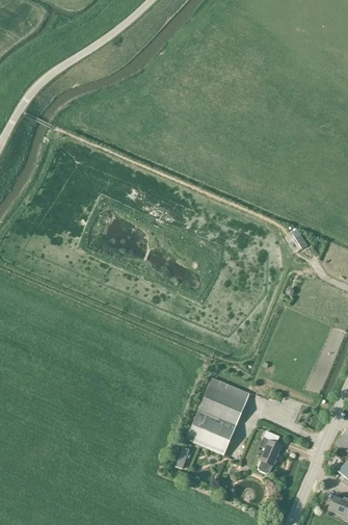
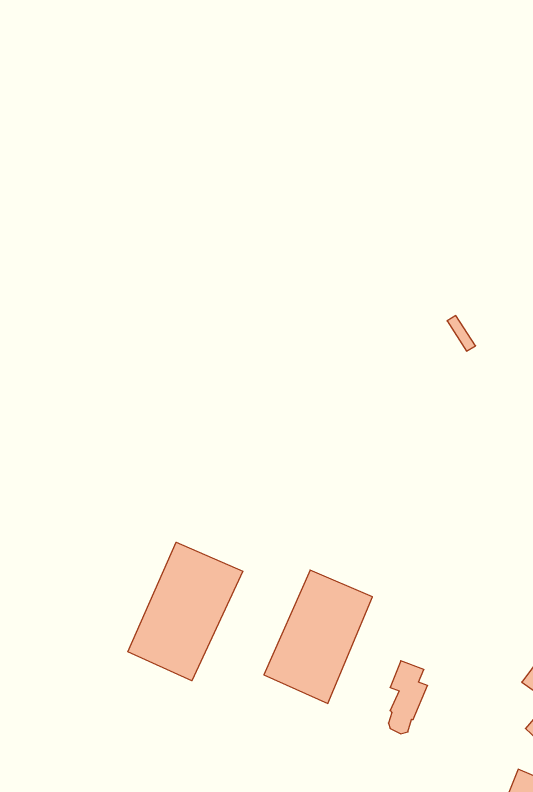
building: none -> [128,542,243,681]

